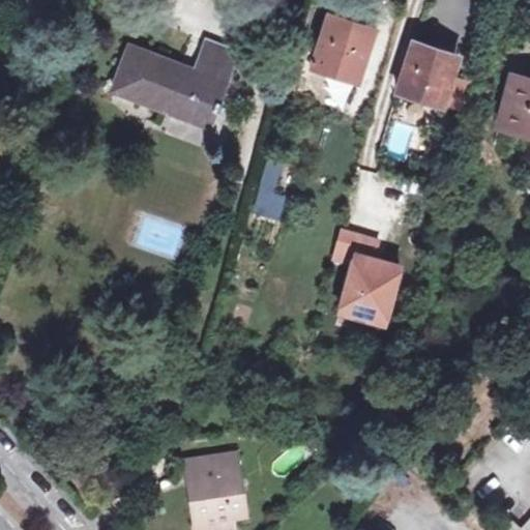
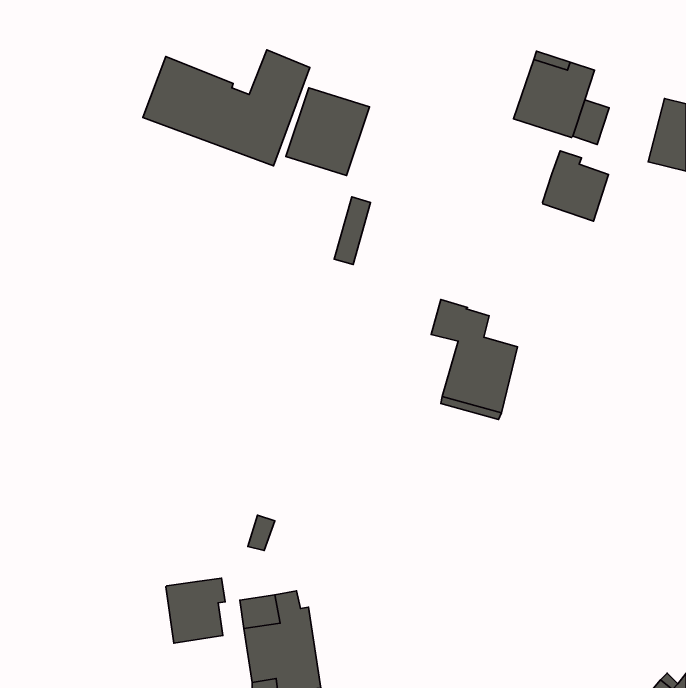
building: [311,14,375,82] -> [286,88,369,176]
building: none -> [542,151,609,221]
building: none -> [166,578,225,643]

